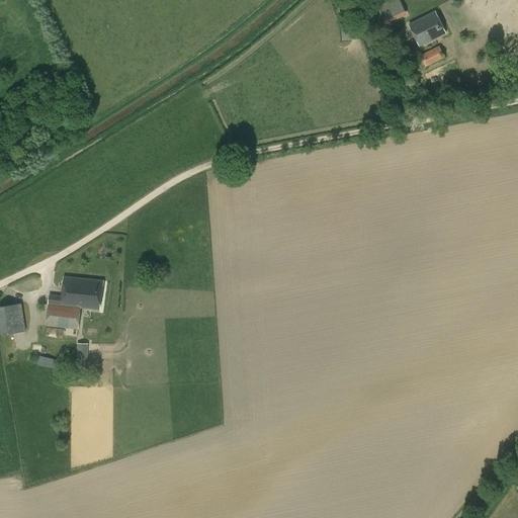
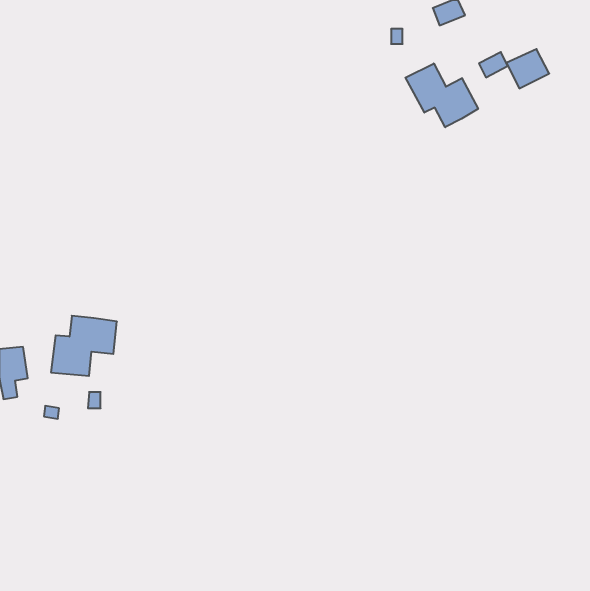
building: [408,12,445,47] -> [507,49,549,88]
building: none -> [405,63,478,127]

